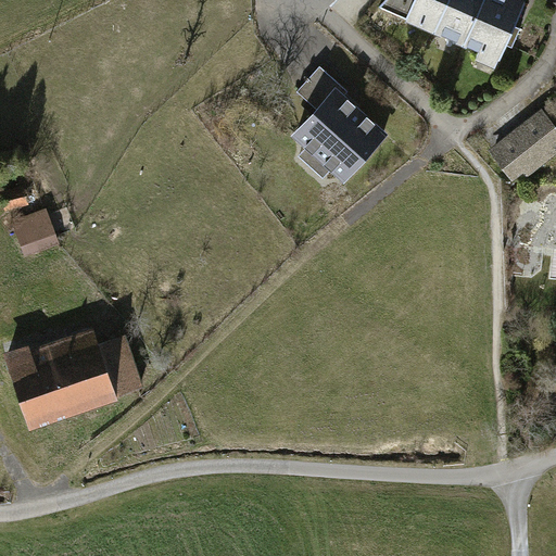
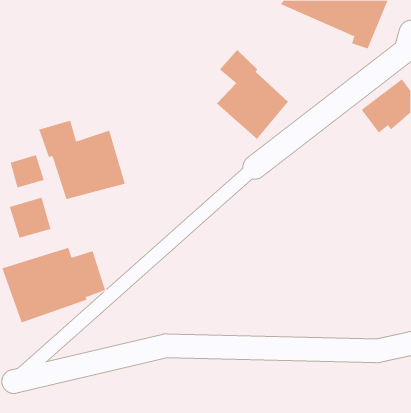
building: none -> [38,120,125,200]
building: none -> [9,197,51,239]

